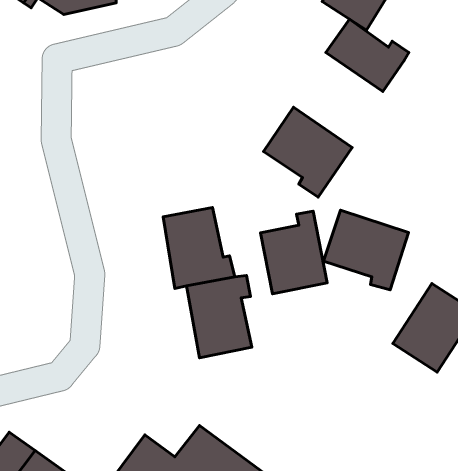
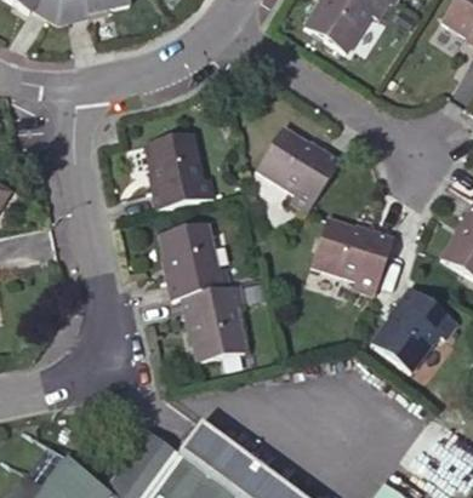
building: [326,19,409,91] -> none
building: none -> [147,128,216,204]
building: [261,211,327,294] -> none

